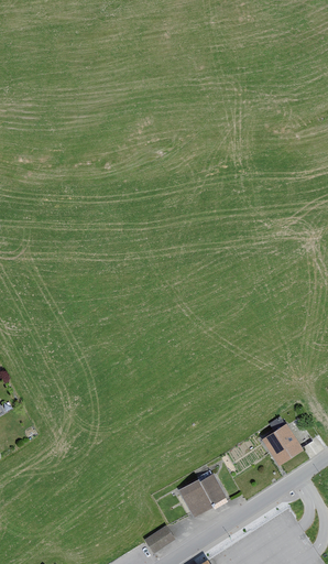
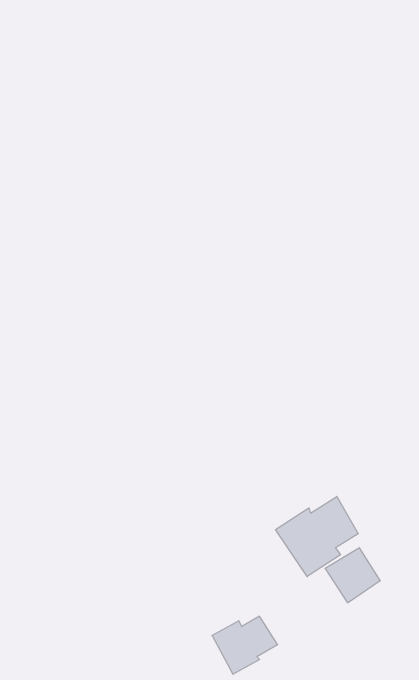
building: none -> [276,496,358,577]

